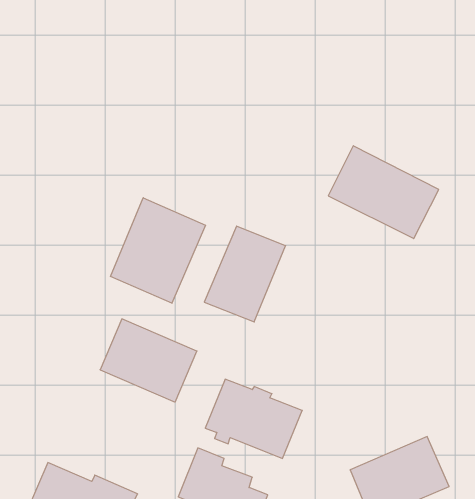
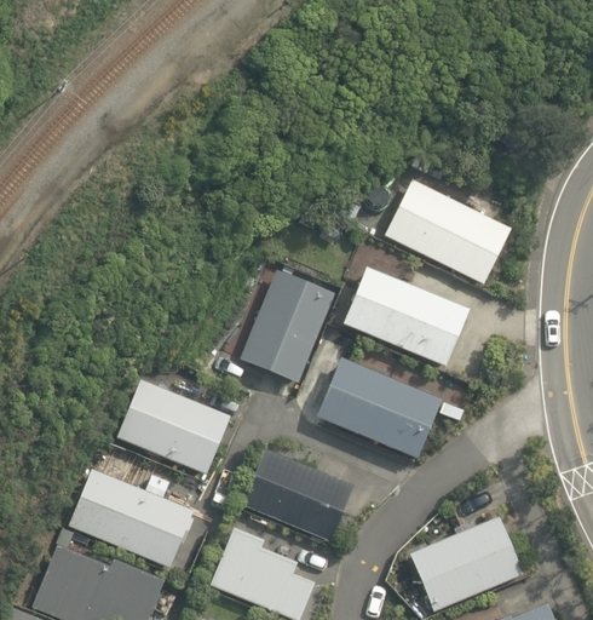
building: [111,198,205,303] -> none
building: none -> [340,266,467,367]
building: none -> [315,357,439,459]
building: none -> [70,467,195,567]

